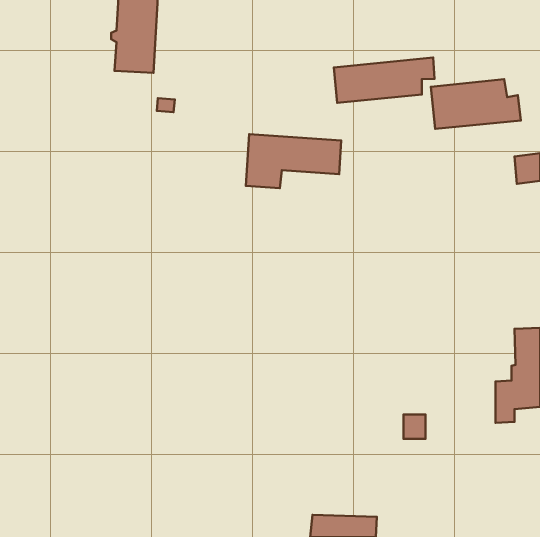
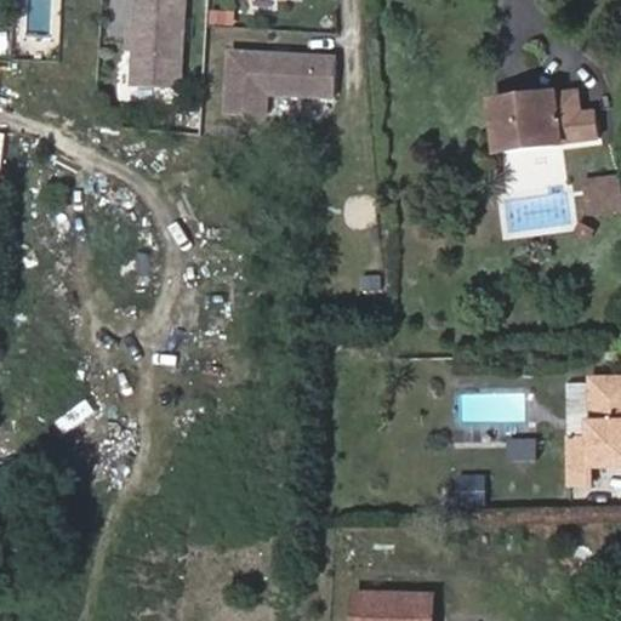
building: [334,57,434,103] -> none
building: [246,134,341,188] -> [227,50,336,112]

